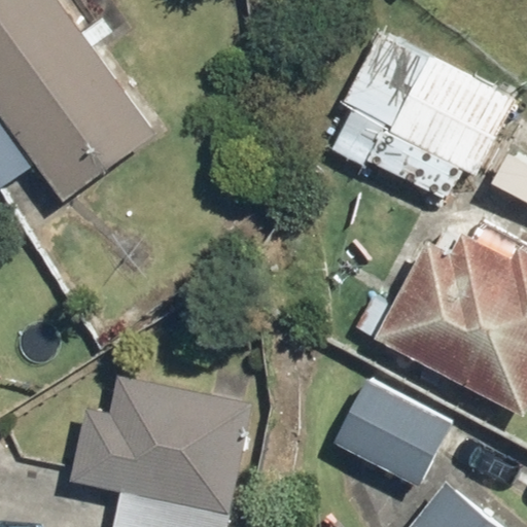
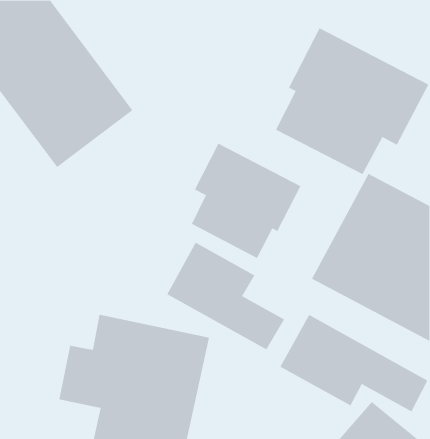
building: none -> [191,143,301,259]
building: none -> [166,242,285,350]

